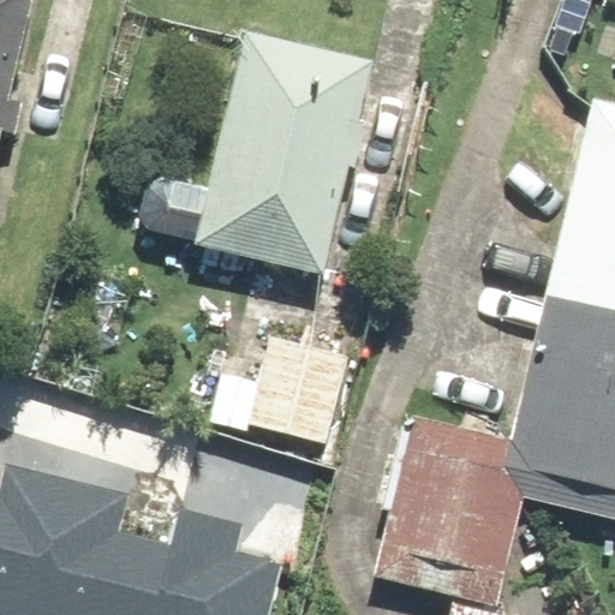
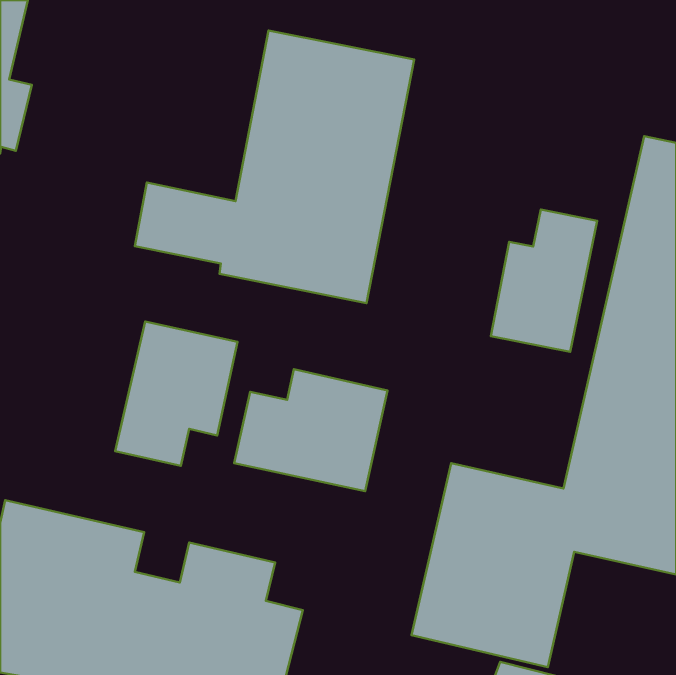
building: none -> [491,210,597,352]
building: none -> [115,321,238,466]

